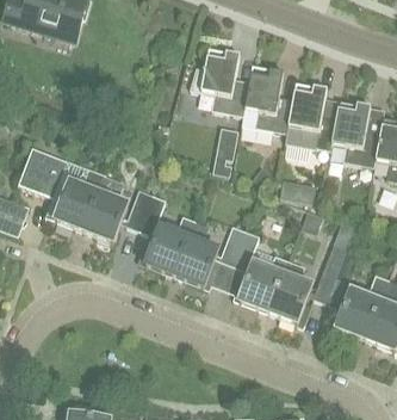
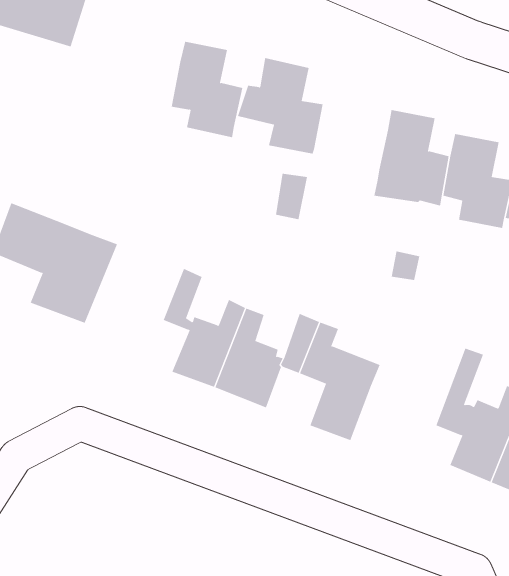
building: [243,67,293,134] -> [171,41,243,138]
building: [85,178,153,245] -> none
building: [268,245,347,328] -> none

